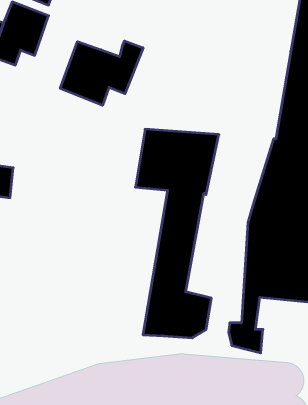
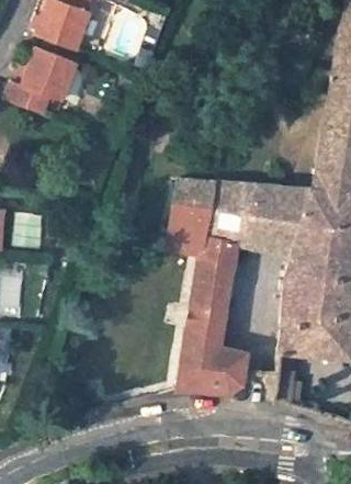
building: [60,41,143,105] -> none
building: none -> [240,185,309,257]

